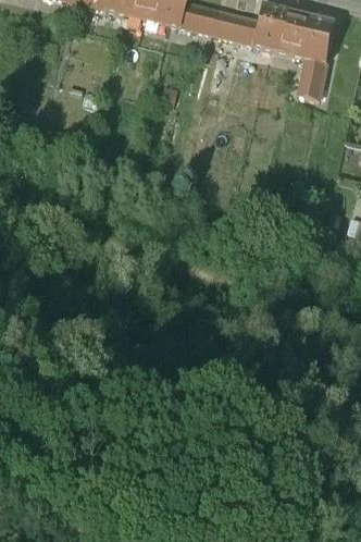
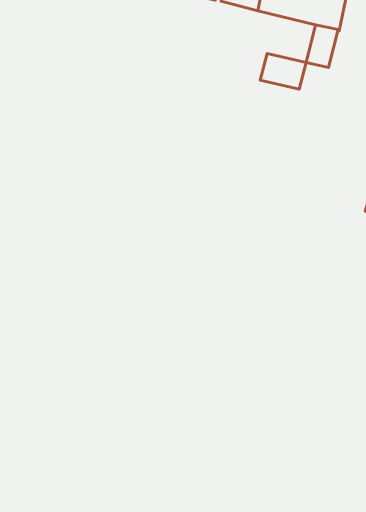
building: none -> [260,53,306,89]

